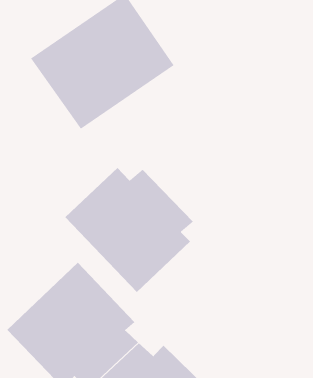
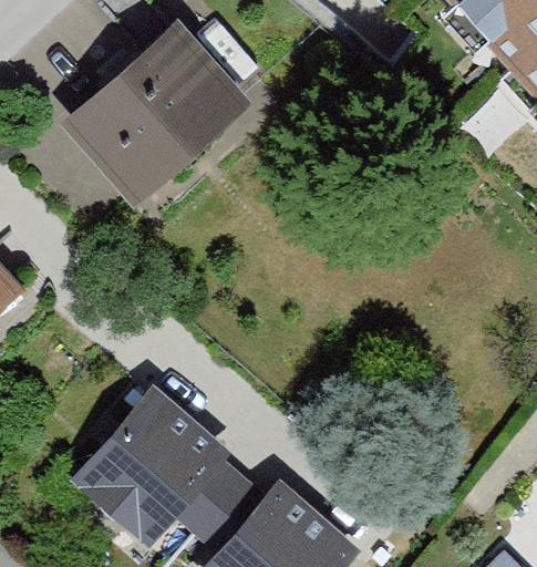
building: [65,167,194,293] -> none

